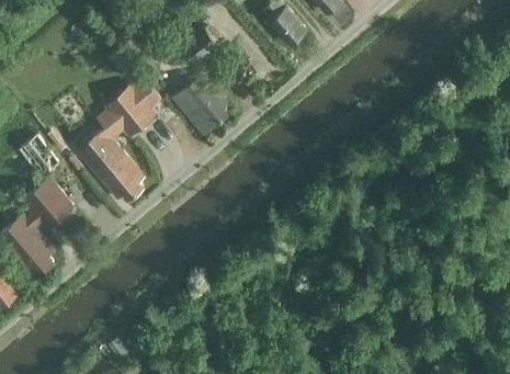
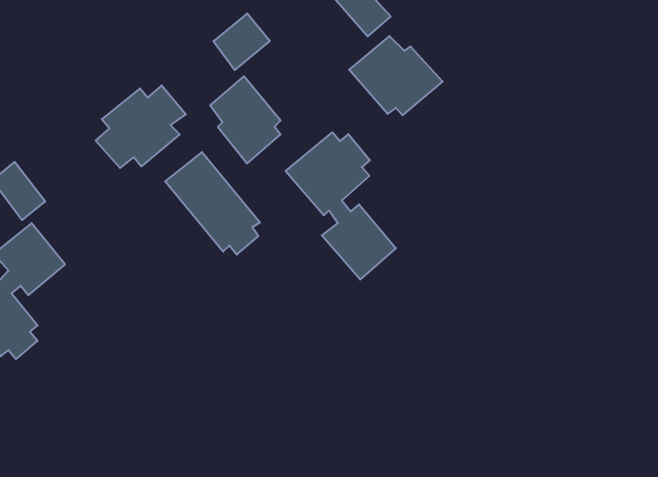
building: none -> [349,36,443,115]
building: none -> [286,132,396,280]
building: [77,128,145,202] -> [165,152,260,255]

